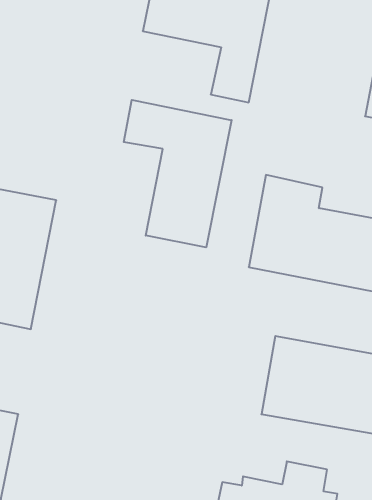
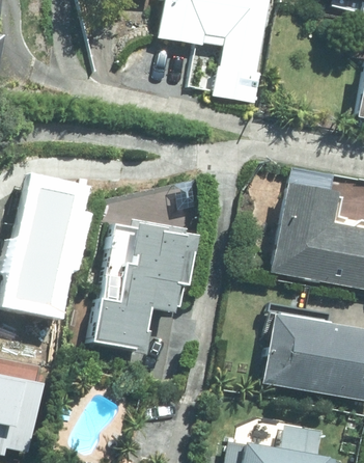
building: [124,100,232,247] -> none
building: none -> [94,222,200,348]

